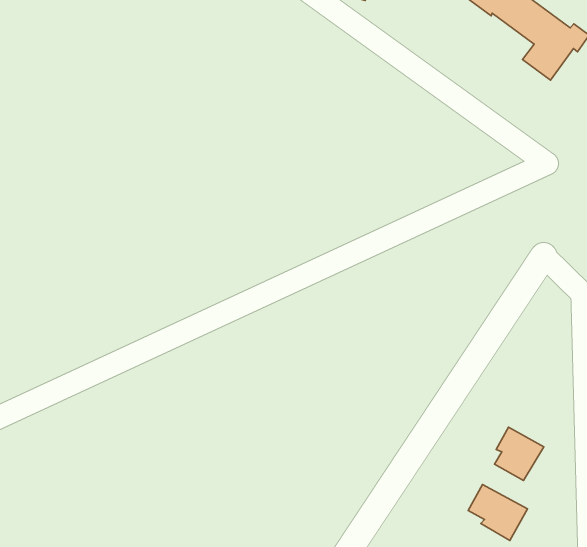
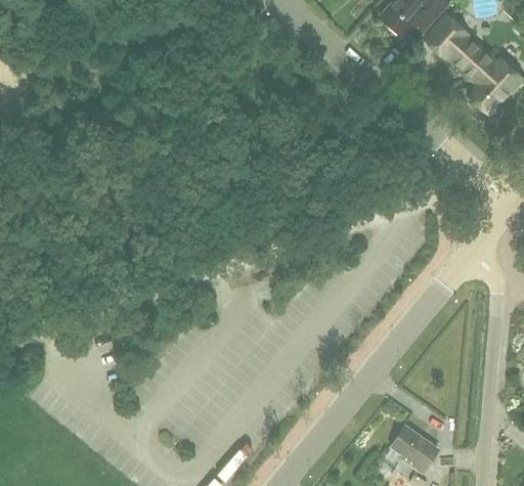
building: [495,427,544,481] -> none

